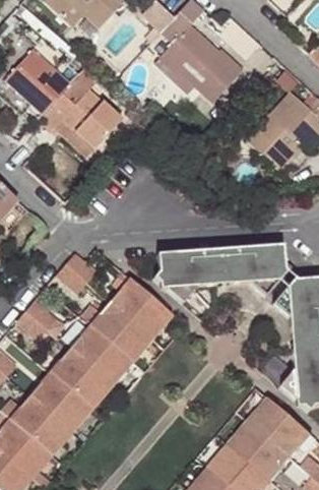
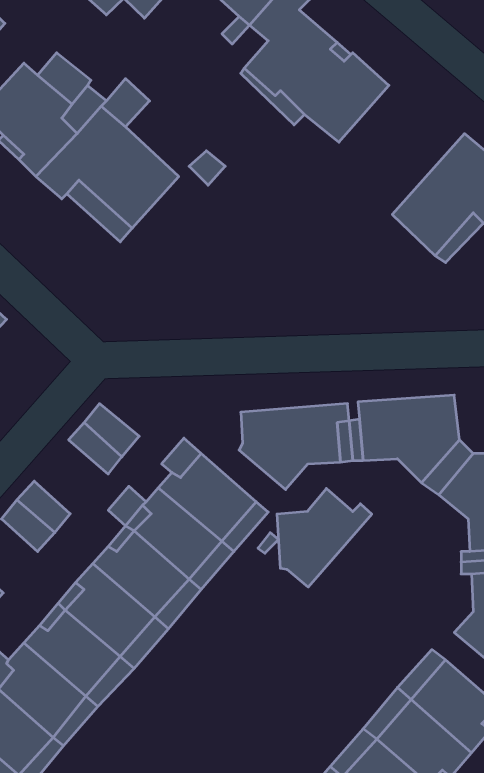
building: none -> [277,488,372,587]

